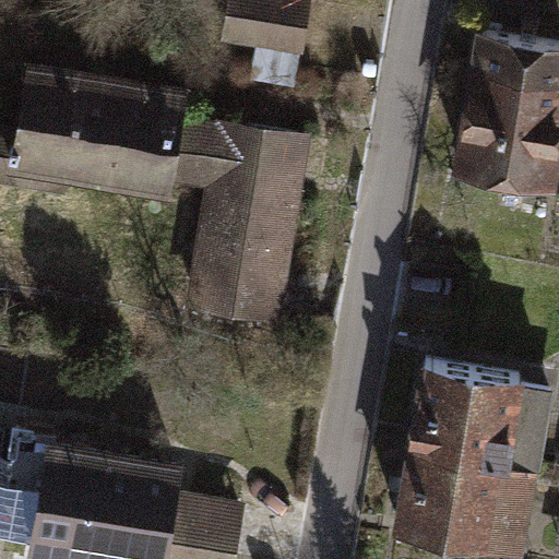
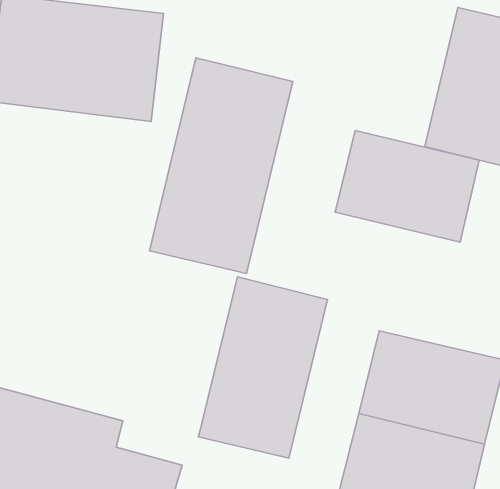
building: none -> [335,130,479,242]
building: none -> [198,277,328,458]

